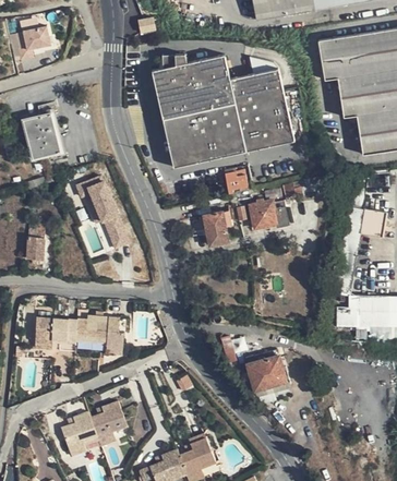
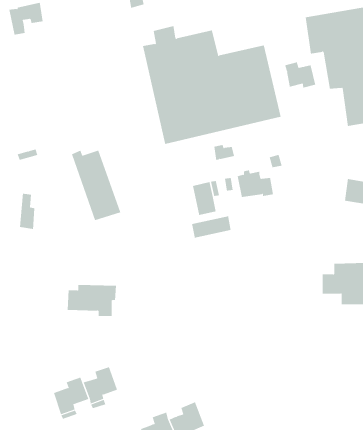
building: none -> [284,62,316,88]
building: [22,112,60,159] -> none
building: none -> [192,216,231,238]
building: [34,322,75,347] -> none
building: [246,351,291,397] -> none

